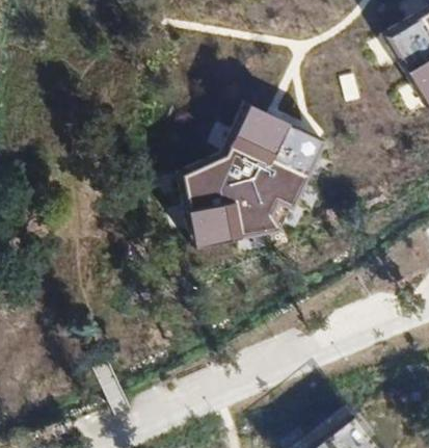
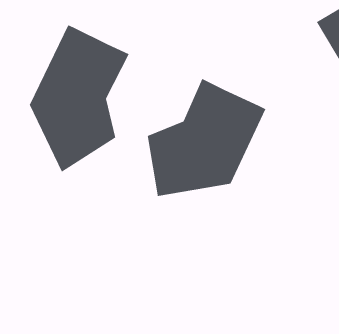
building: none -> [29,24,130,173]

